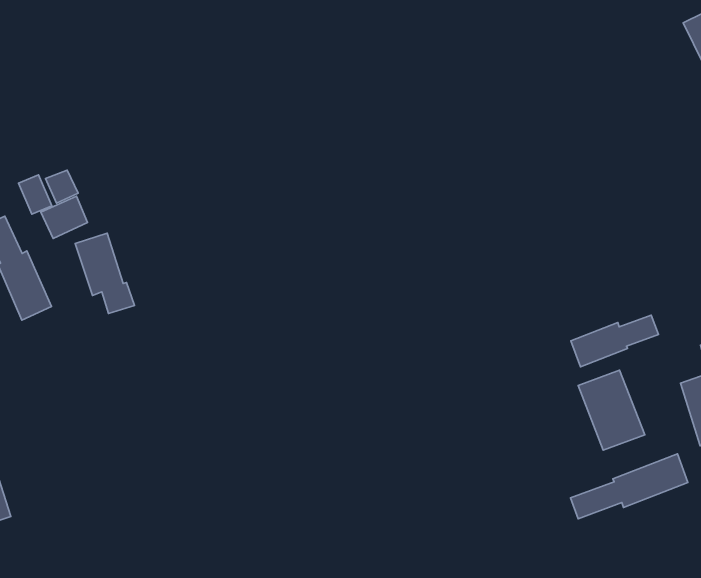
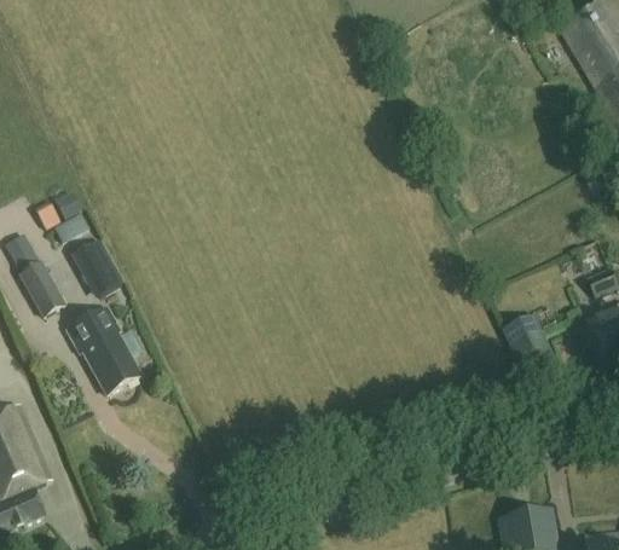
building: [571,315,658,367] -> none
building: none -> [66,306,138,392]
building: [570,454,688,519] -> none

